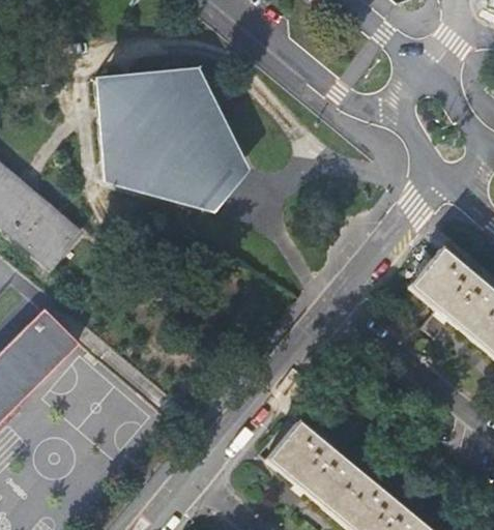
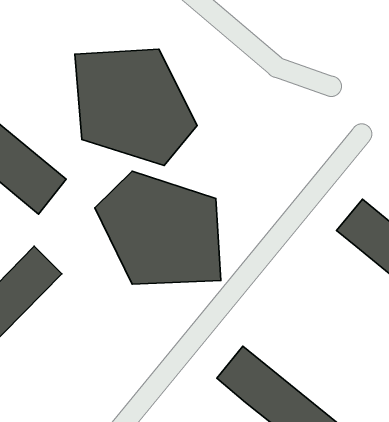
building: none -> [95,171,221,284]

